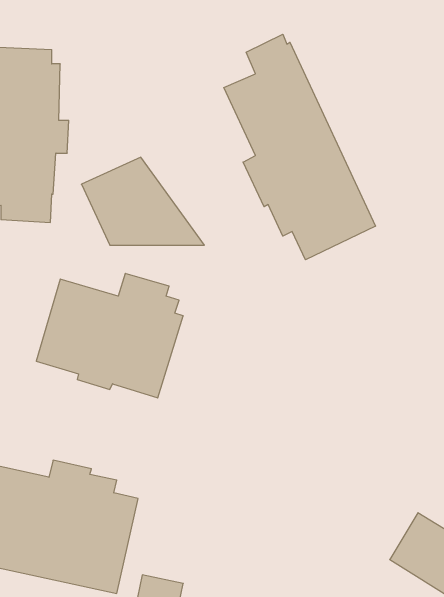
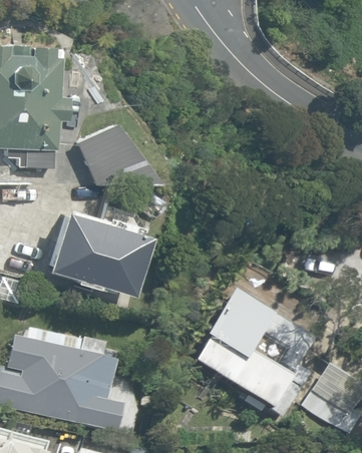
building: [224,34,375,260] -> none
building: none -> [193,294,316,416]

